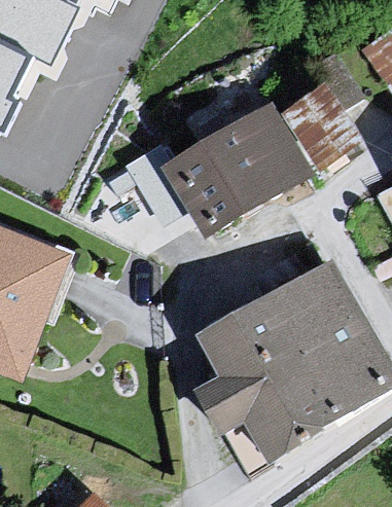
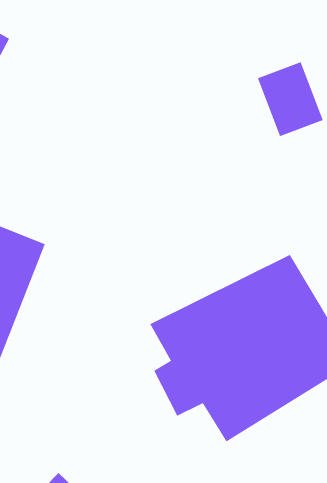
building: [155,105,309,236] -> none

